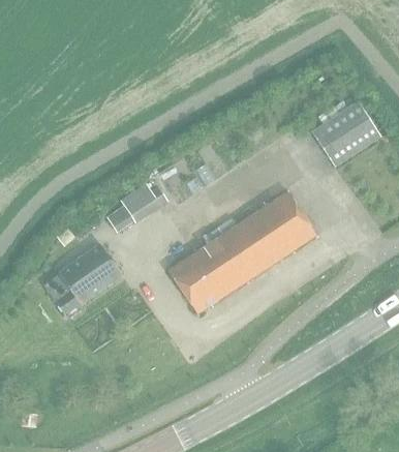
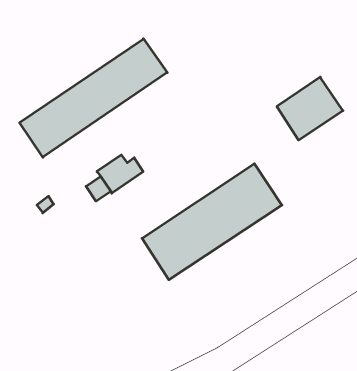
building: none -> [20,39,167,157]
building: [44,242,123,312] -> none

